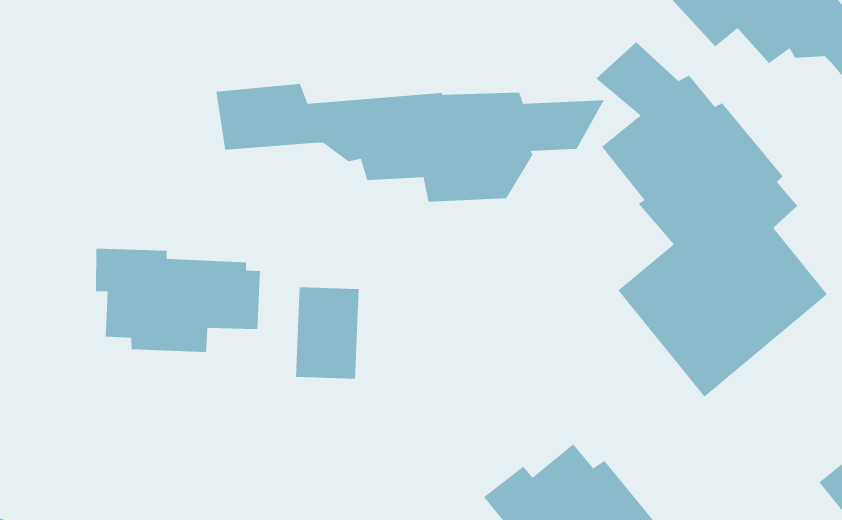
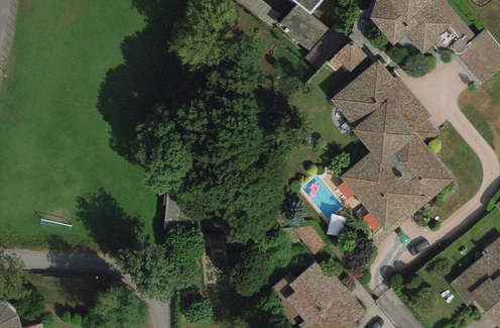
building: [216,83,605,202] -> none
building: [95,248,260,353] -> none

